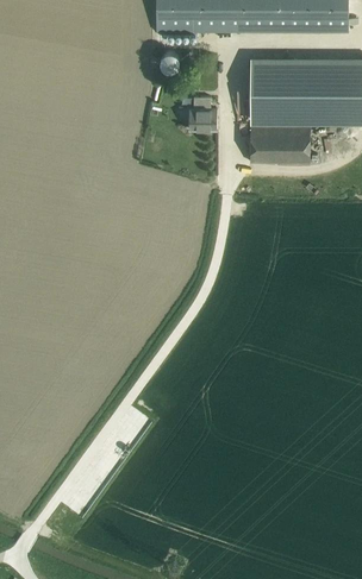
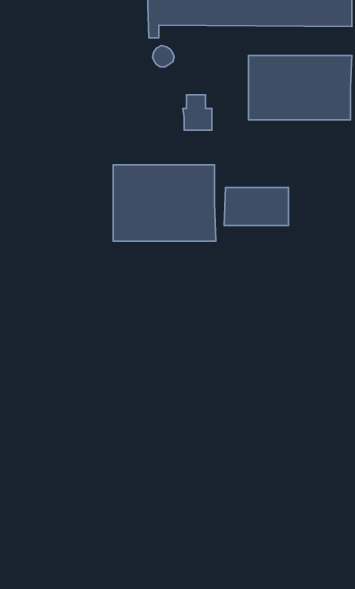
building: [250,126,311,162] -> [224,188,289,225]
building: none -> [113,165,216,241]

